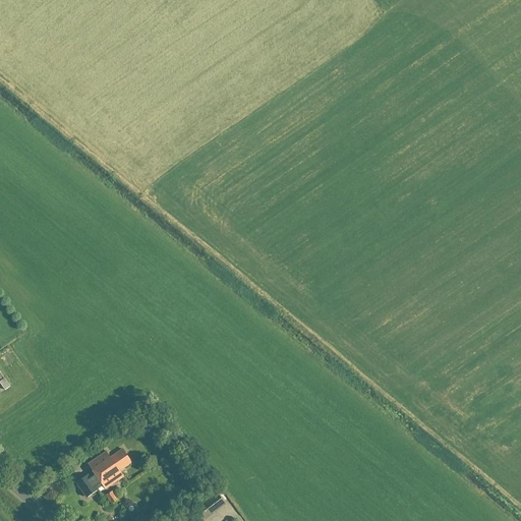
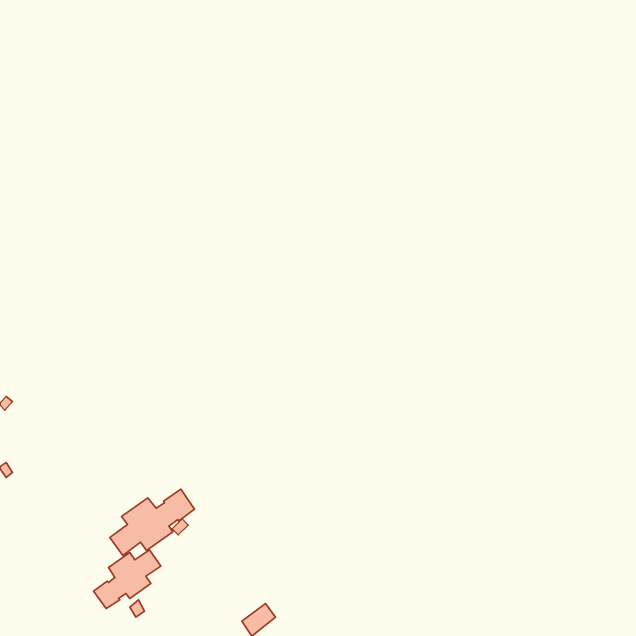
building: none -> [110,489,194,556]

